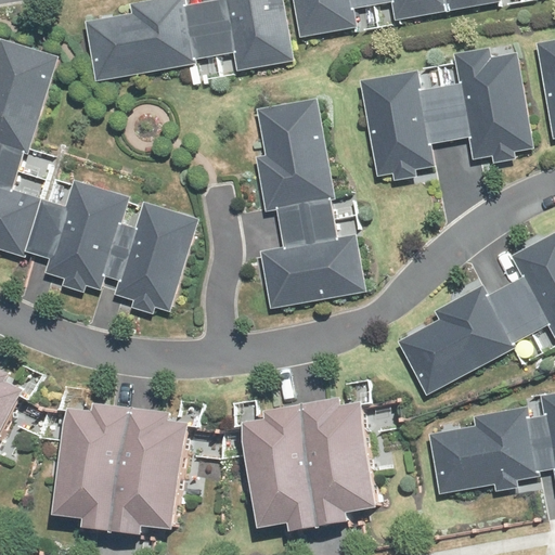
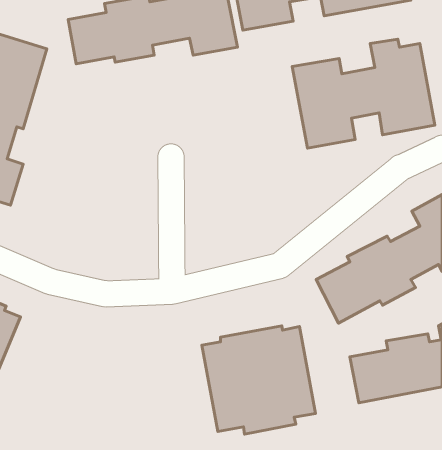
building: [253,98,365,315] -> none
building: [27,180,196,312] -> none
building: [60,405,192,534] -> none

